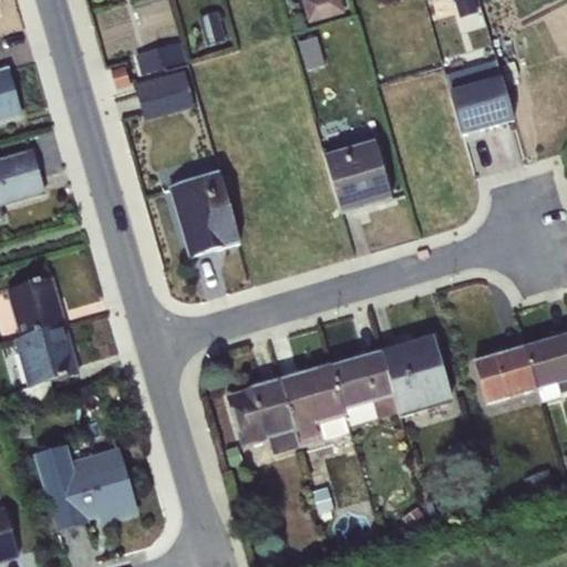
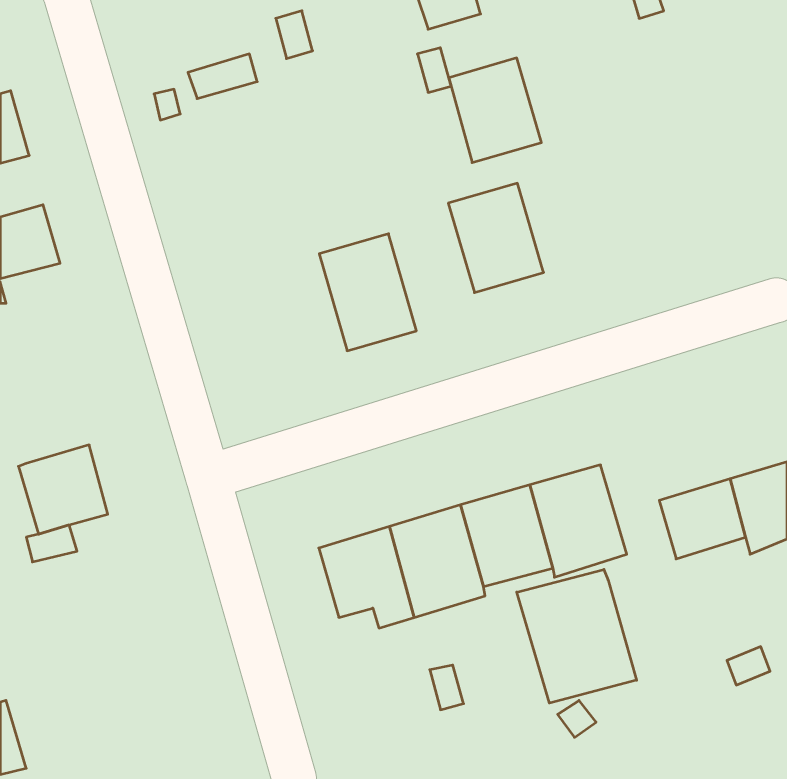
building: [446,56,513,132] -> [449,58,541,163]
building: [134,66,194,116] -> none
building: [169,171,239,255] -> [319,234,416,351]
building: [6,275,64,333] -> none
building: none -> [517,569,637,703]
building: [34,443,135,527] -> none

